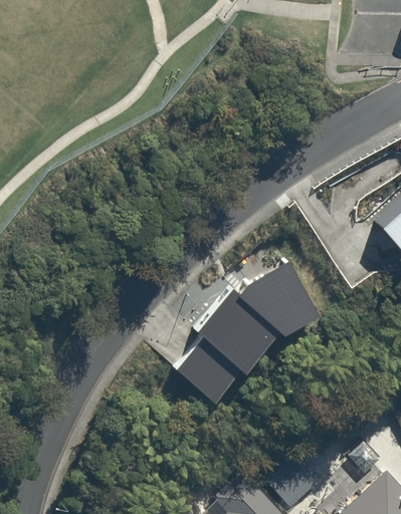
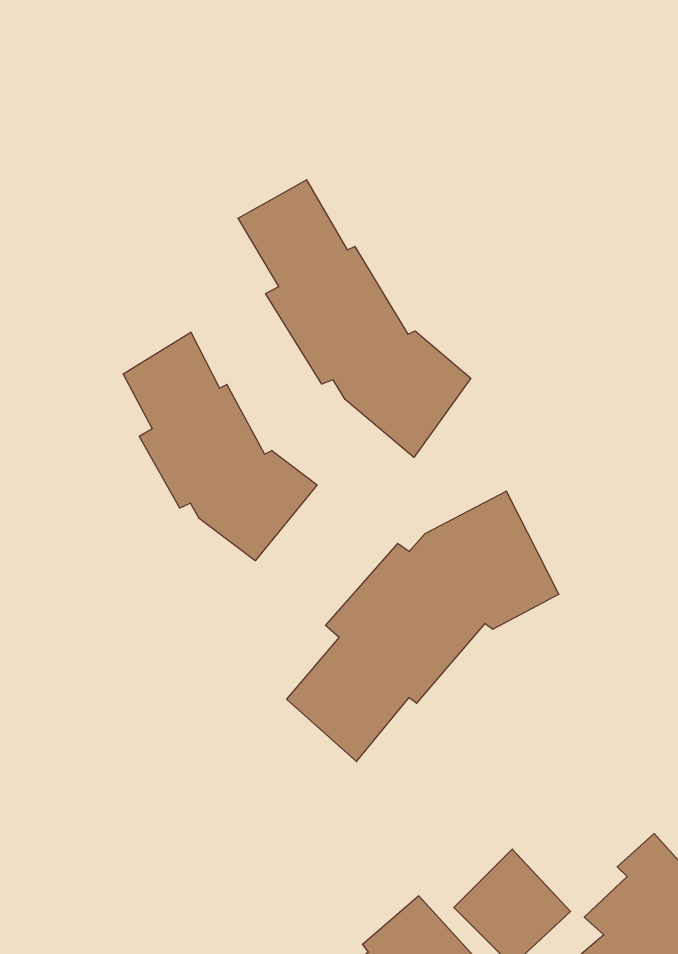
building: none -> [238,180,471,457]
building: none -> [123,332,317,561]

